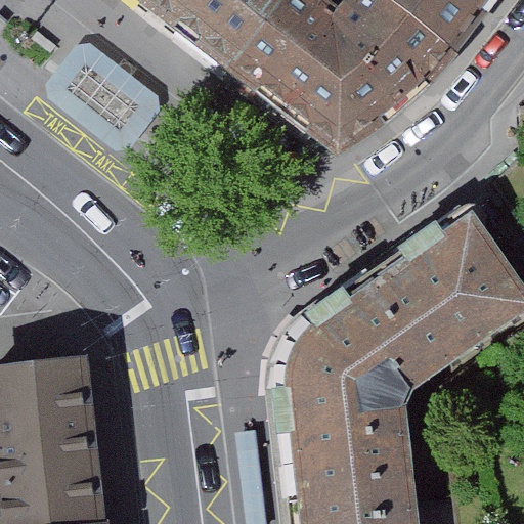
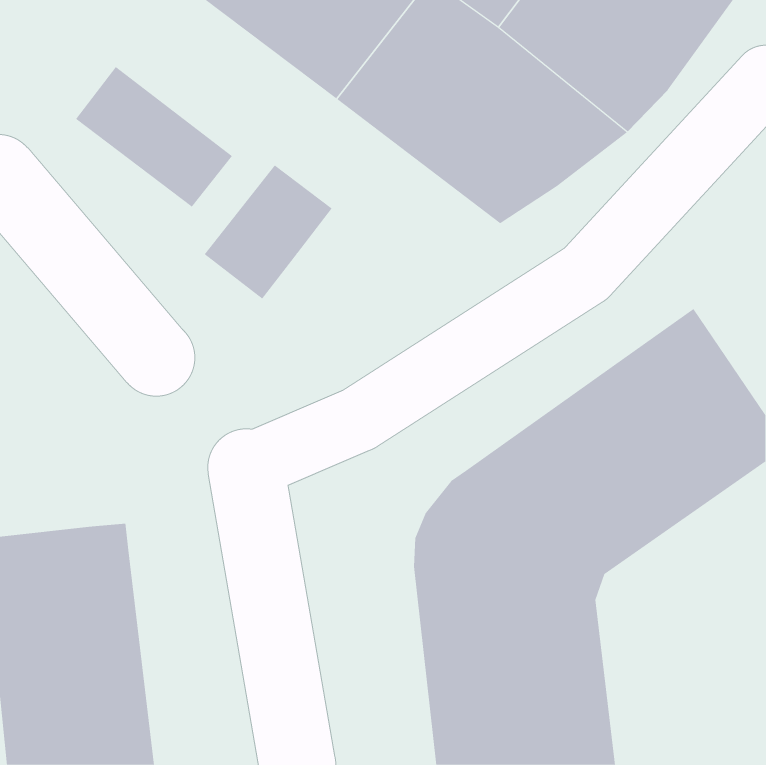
building: none -> [204,165,333,299]

